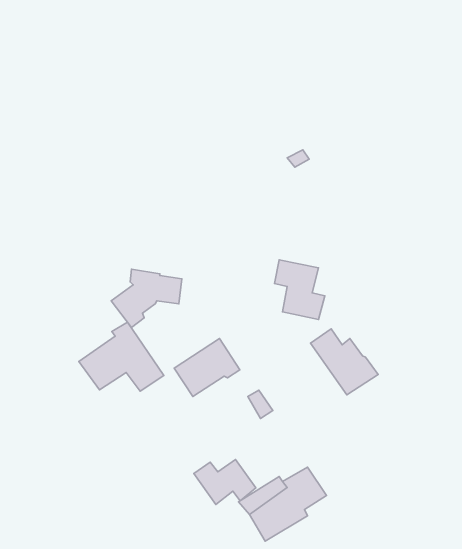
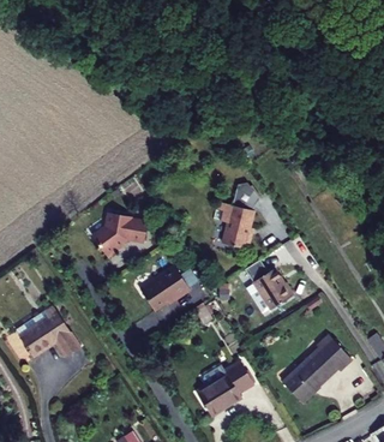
building: [79,322,164,391] -> [17,303,82,356]
building: none -> [282,333,353,401]
building: [194,460,256,505] -> none

